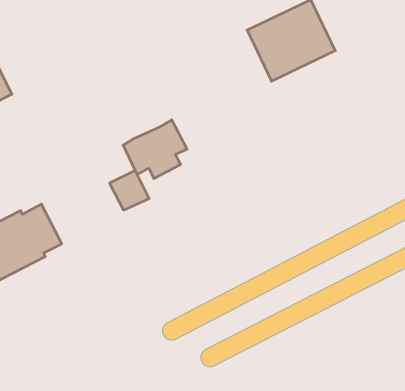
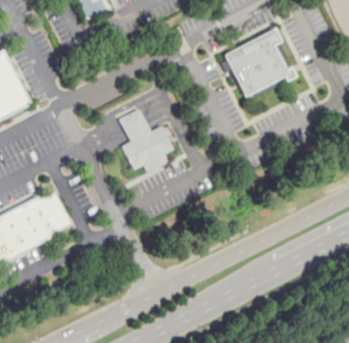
building: [110,170,149,210] -> [117,108,149,140]

